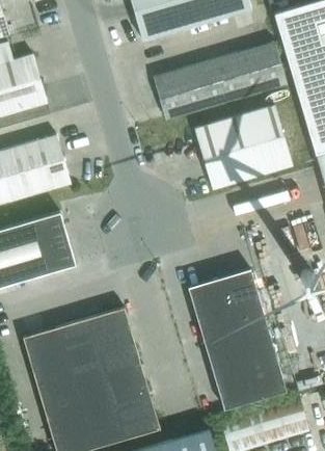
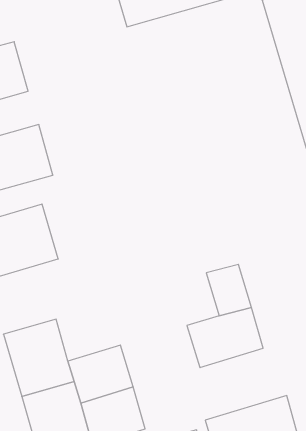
building: [153,43,287,120] -> none
building: [194,106,293,189] -> none
building: [188,278,232,329] -> none
building: [74,308,136,364] -> none
building: [213,351,287,410] -> none

